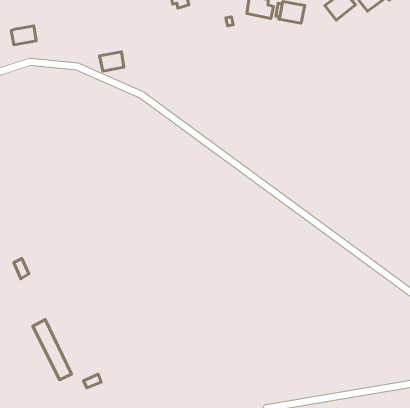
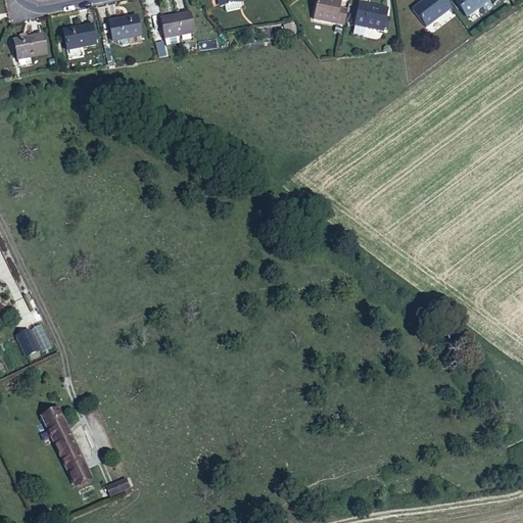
building: none -> [162,11,194,37]
building: none -> [64,23,97,48]
building: [100,52,124,71] -> [110,14,141,39]

